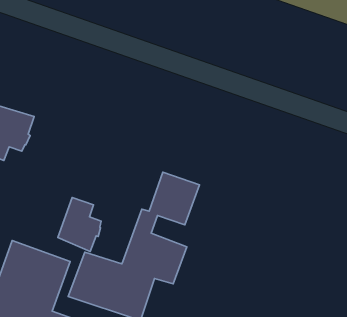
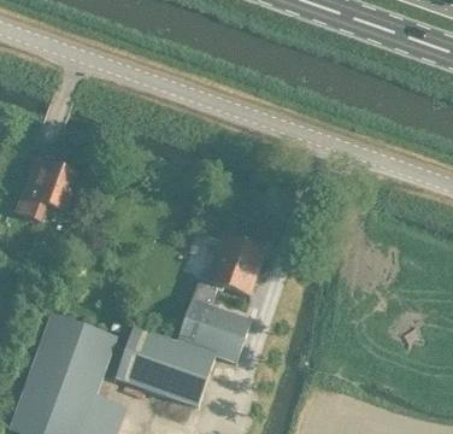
building: [58,197,101,251] -> none

